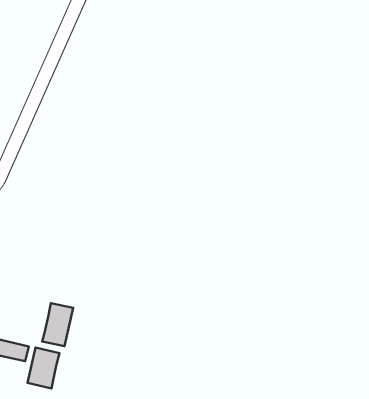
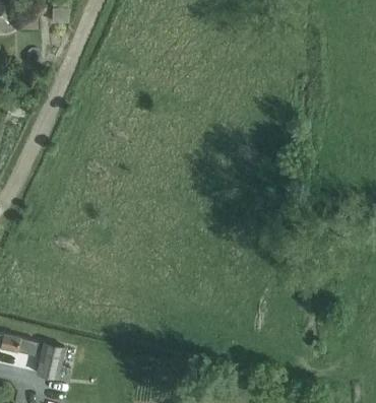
building: [42,303,73,346] -> none

